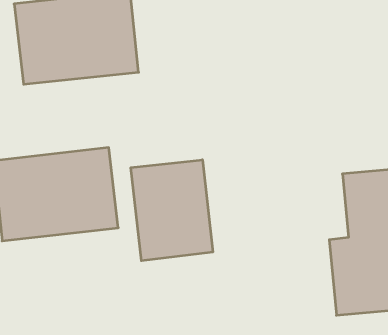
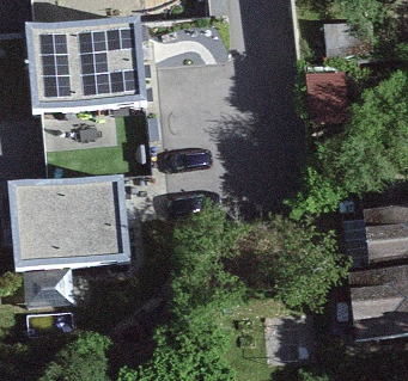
building: [131,160,213,261] -> none

